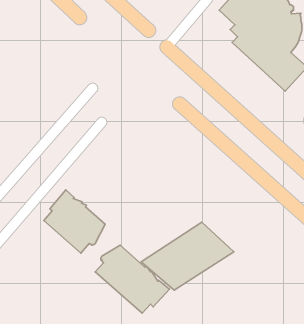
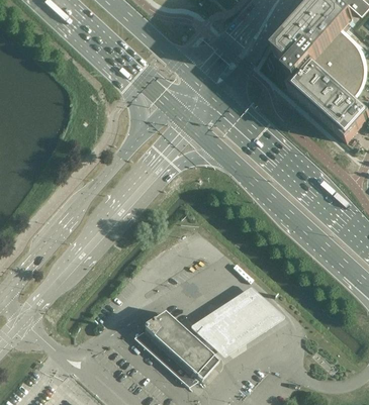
building: [44,190,105,253] -> none

